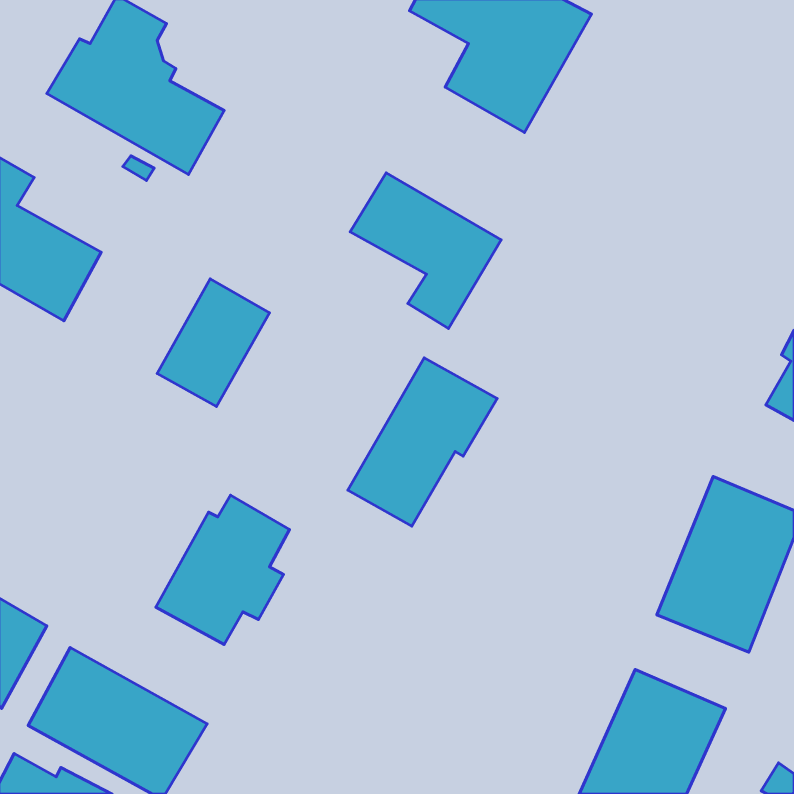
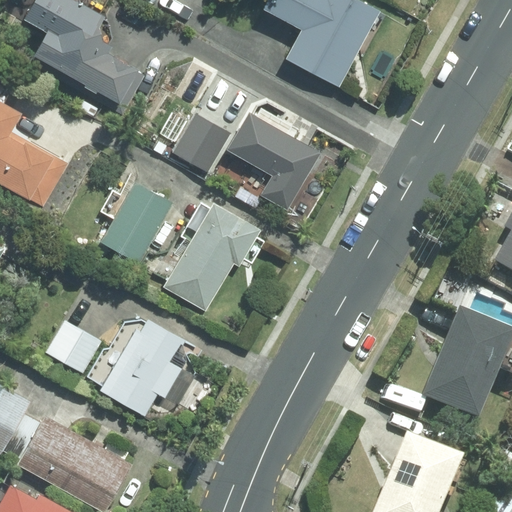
building: none -> [172,113,231,173]
building: [348,358,497,526] -> [163,204,259,312]
building: none -> [46,319,101,371]

